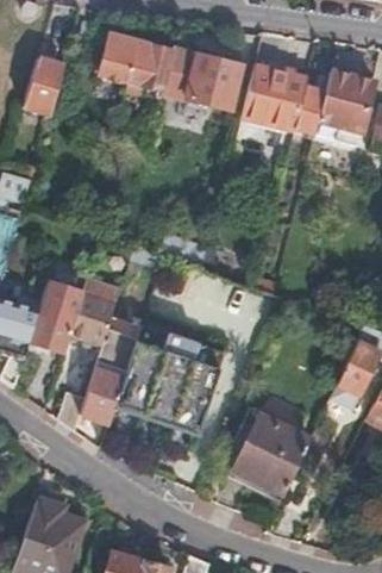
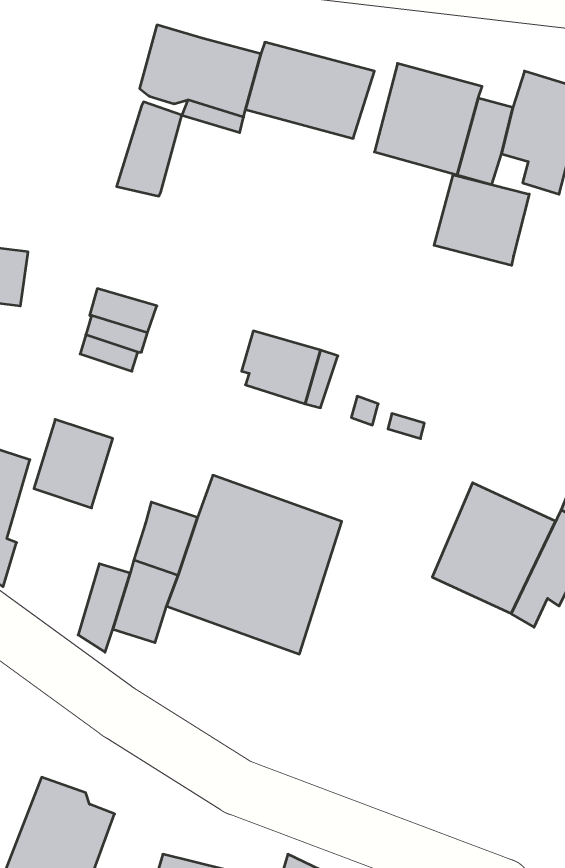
building: [23,57,63,116] -> [117,102,182,196]
building: none -> [434,175,529,265]
building: [69,282,120,347] -> none
building: [237,411,313,492] -> [432,483,555,614]

